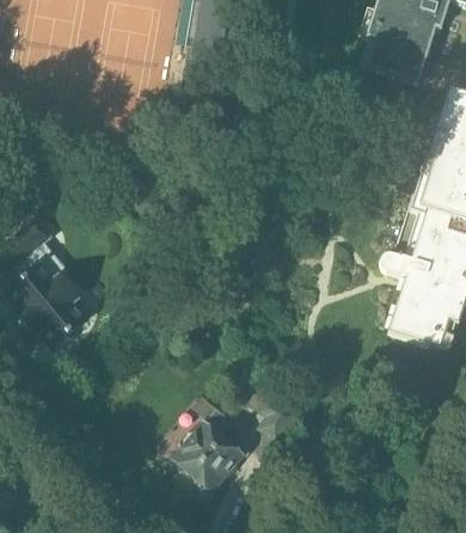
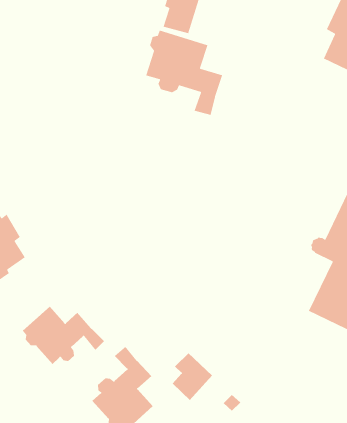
building: none -> [145,29,223,116]
building: none -> [22,306,105,365]

